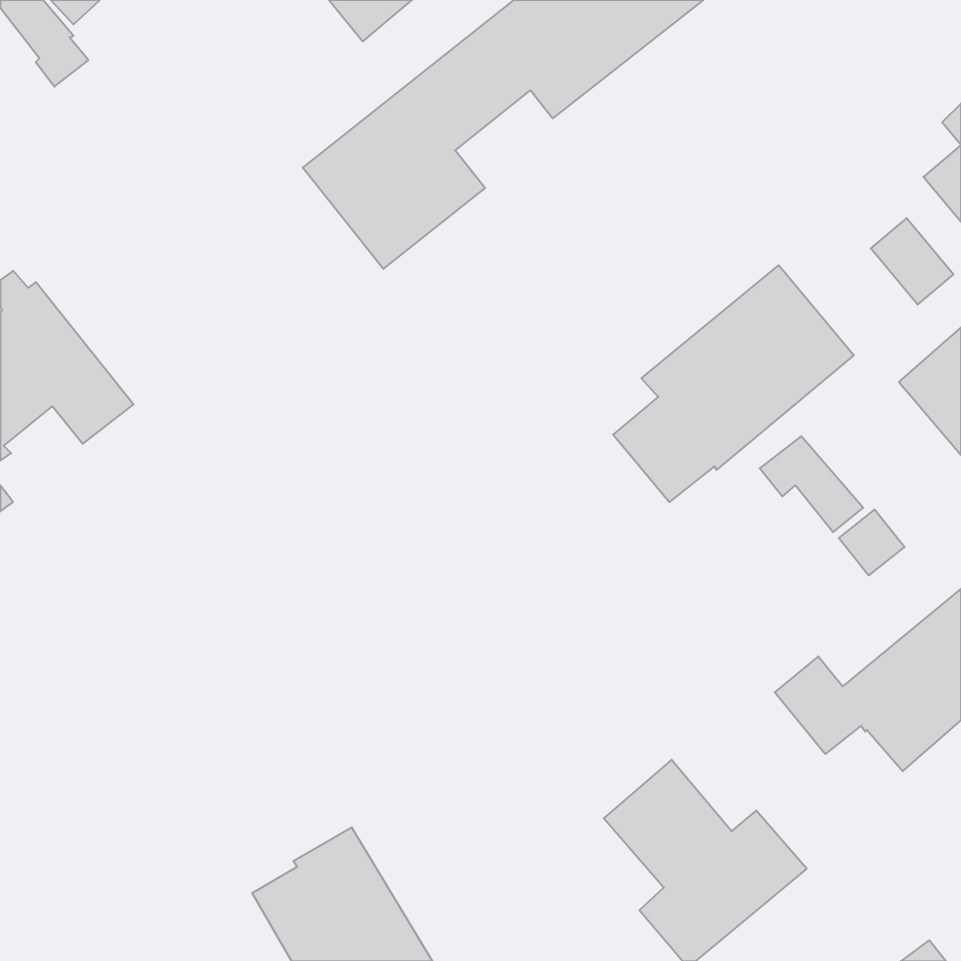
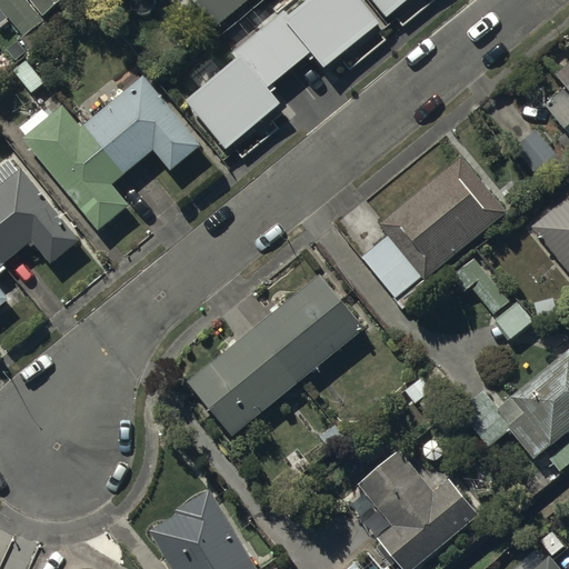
building: none -> [21,73,202,228]
building: none -> [187,272,363,433]

